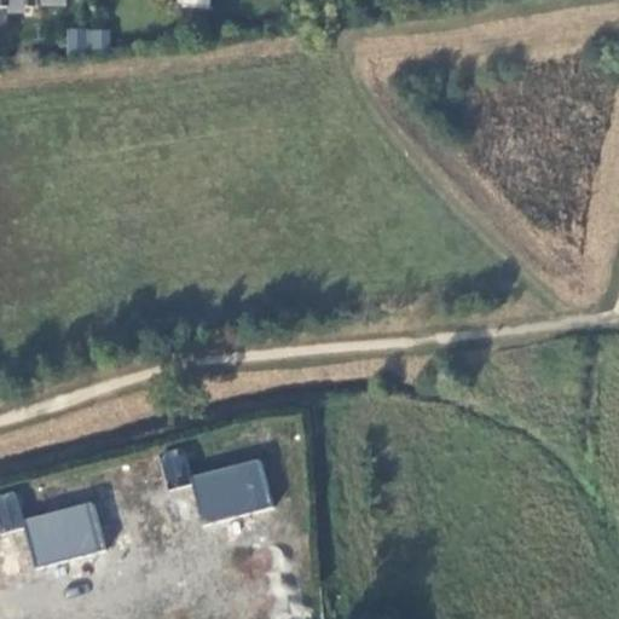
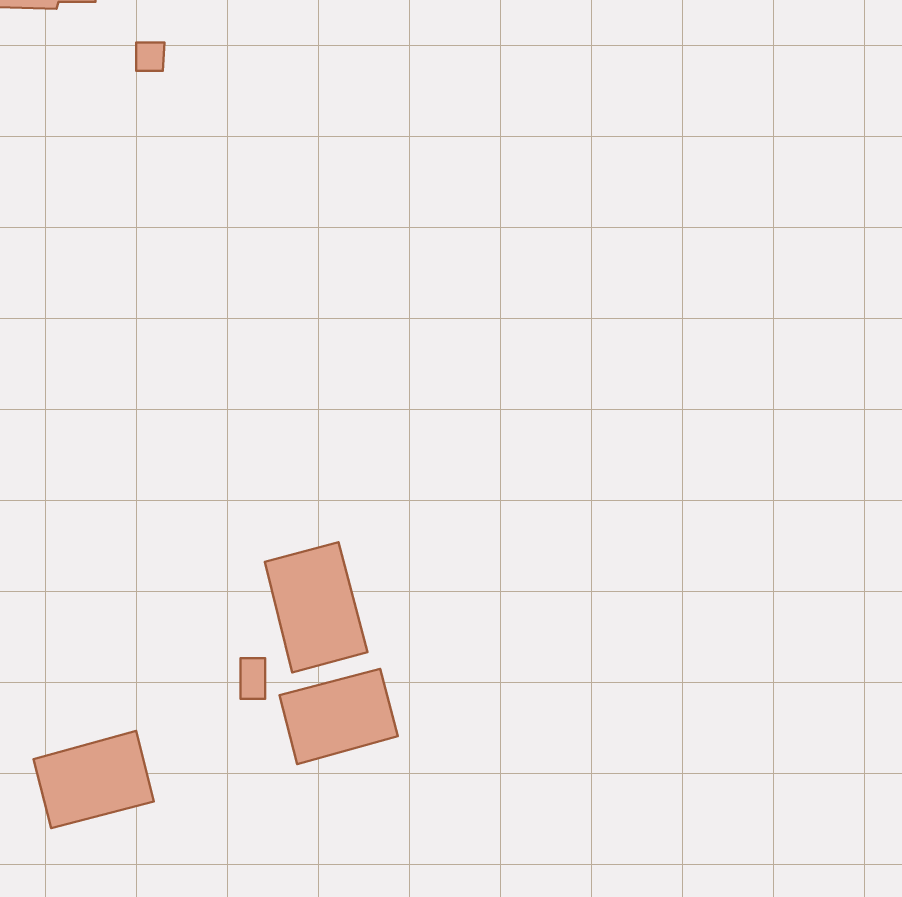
building: none -> [265,542,368,673]

